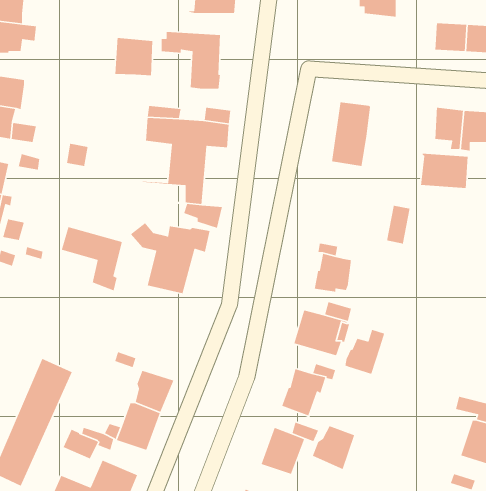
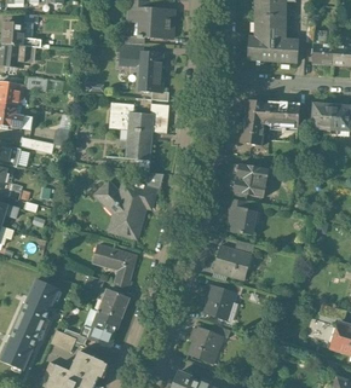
building: none -> [248,39,299,62]
building: [115,37,153,76] -> none
building: [420,153,468,189] -> [265,102,299,127]
building: none -> [234,164,269,197]
building: [61,226,123,291] -> [92,244,136,290]
building: [344,329,385,375] -> none
building: [312,425,355,470] -> none

